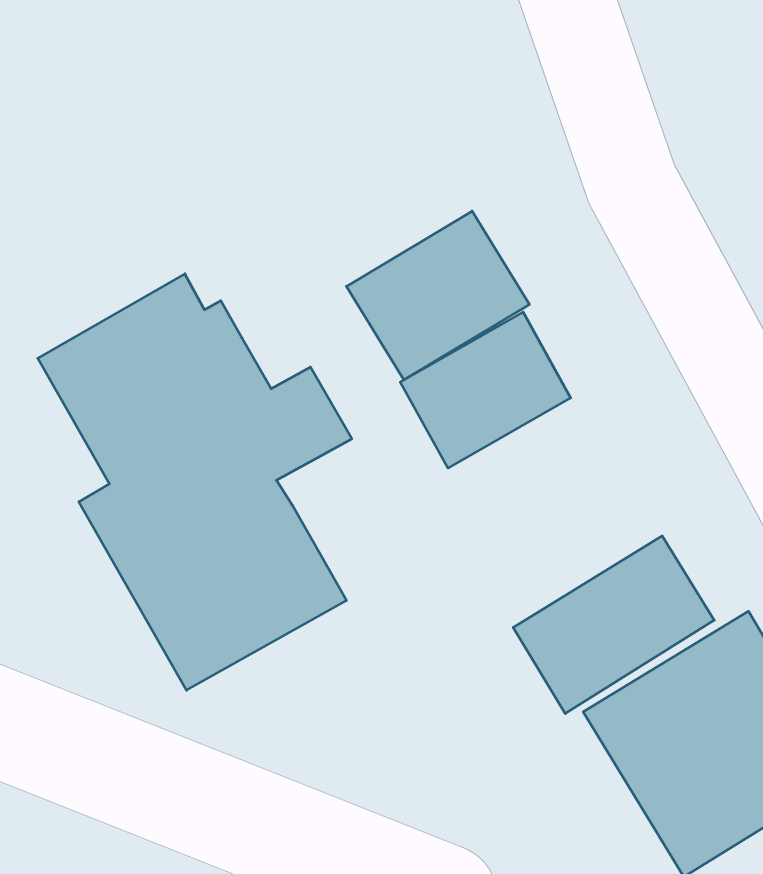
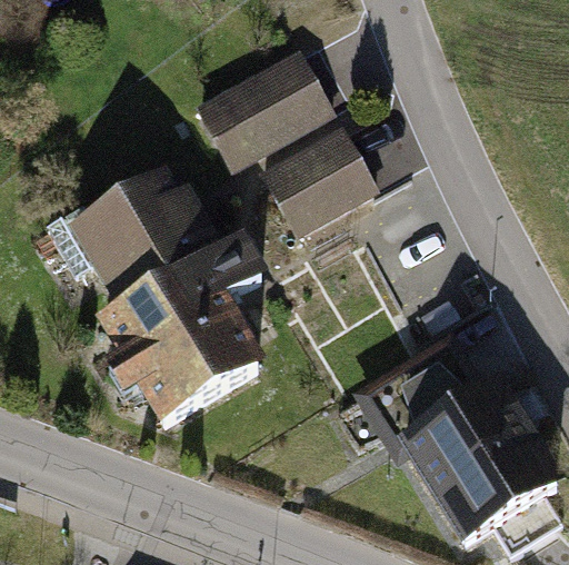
building: none -> [191,48,337,176]
building: [400,312,571,468] -> none

